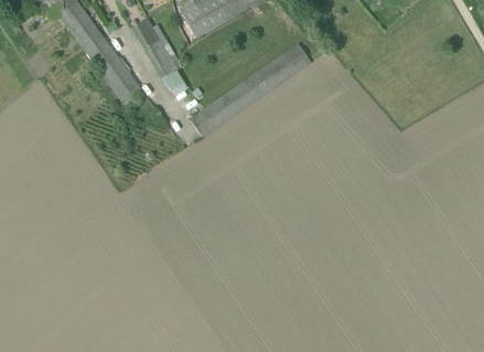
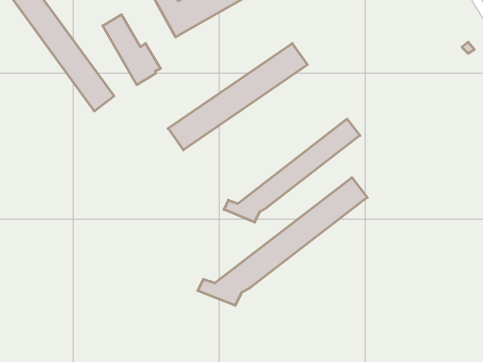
building: none -> [224,119,360,222]
building: none -> [198,178,367,305]

